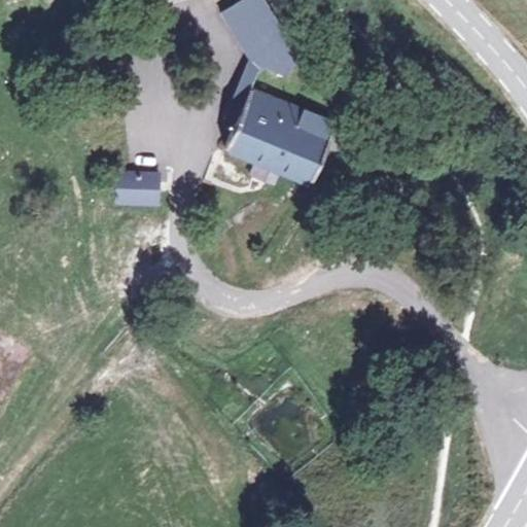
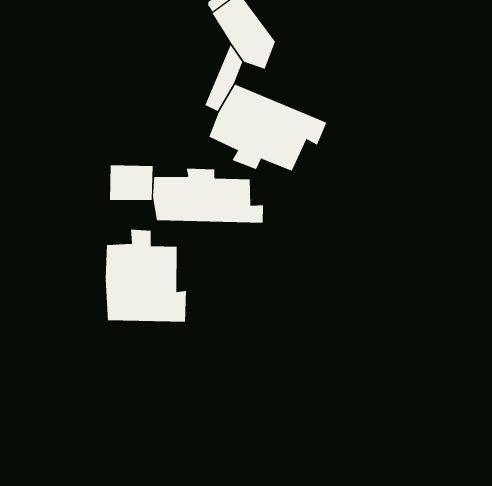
building: none -> [153,168,264,223]
building: none -> [105,229,186,323]

